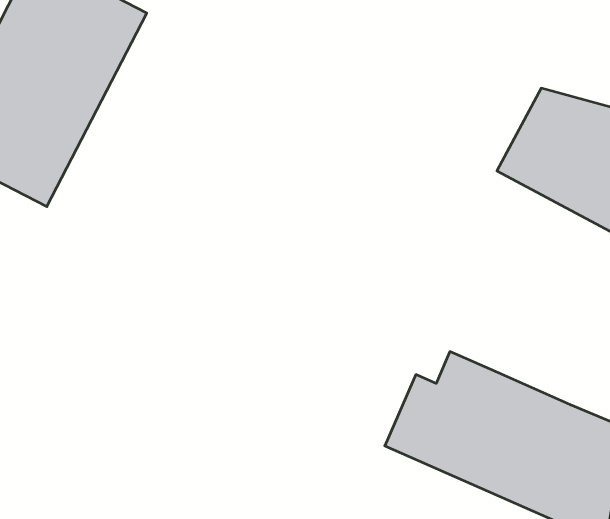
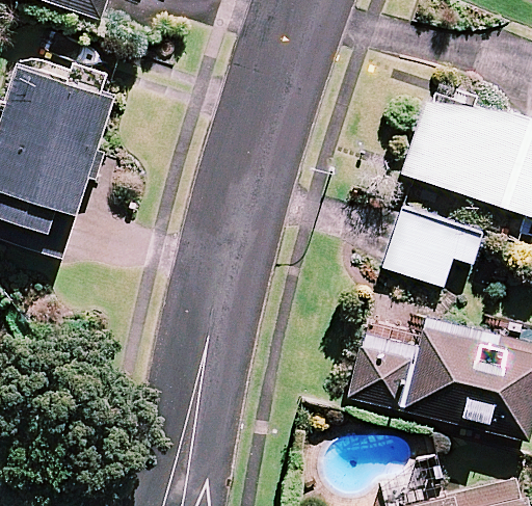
building: none -> [383,206,482,285]

